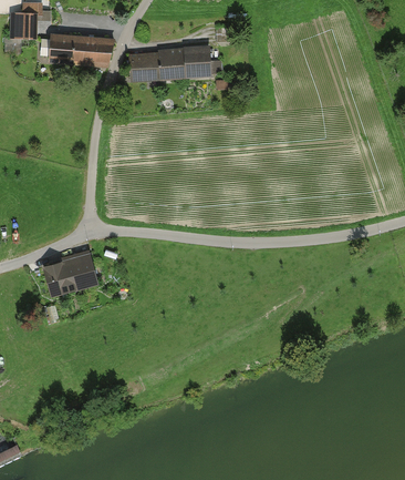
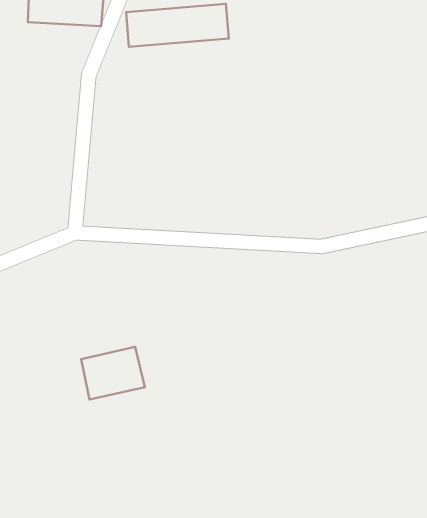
building: [46,249,97,292] -> [81,347,145,400]

